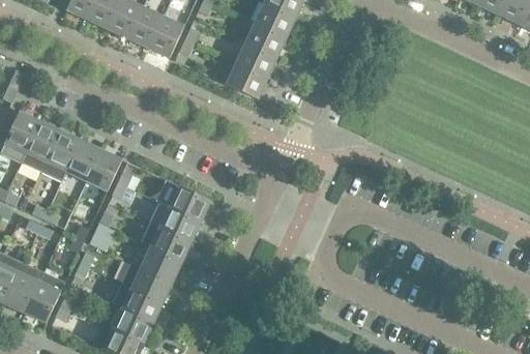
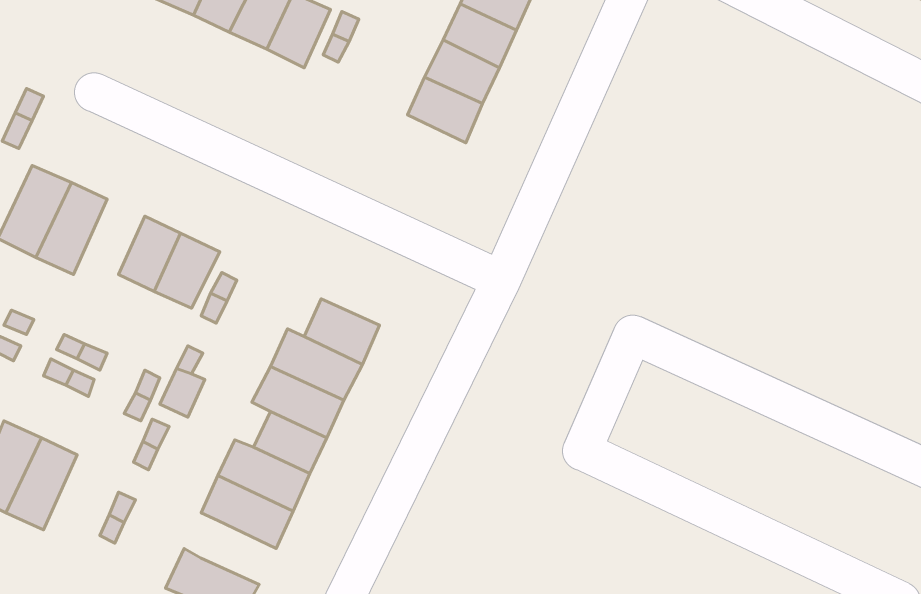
building: [41,130,81,181] -> none
building: [25,271,65,323] -> none
building: [112,307,153,343] -> none

